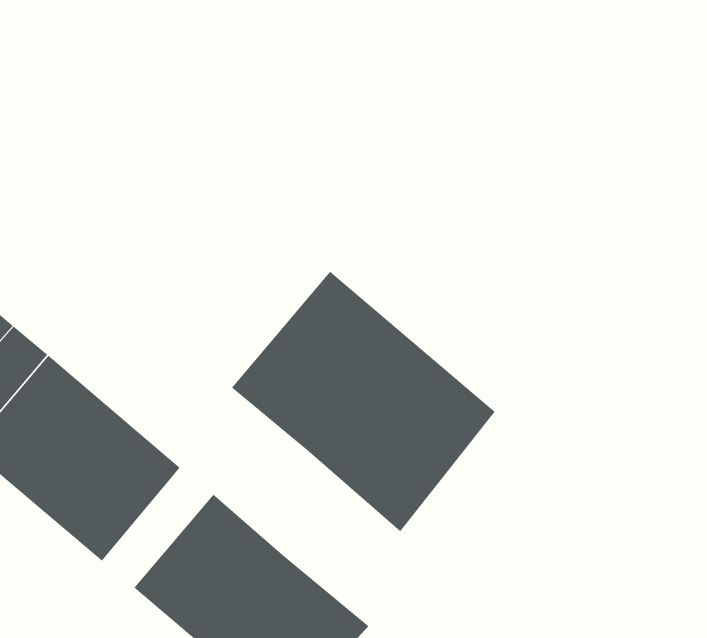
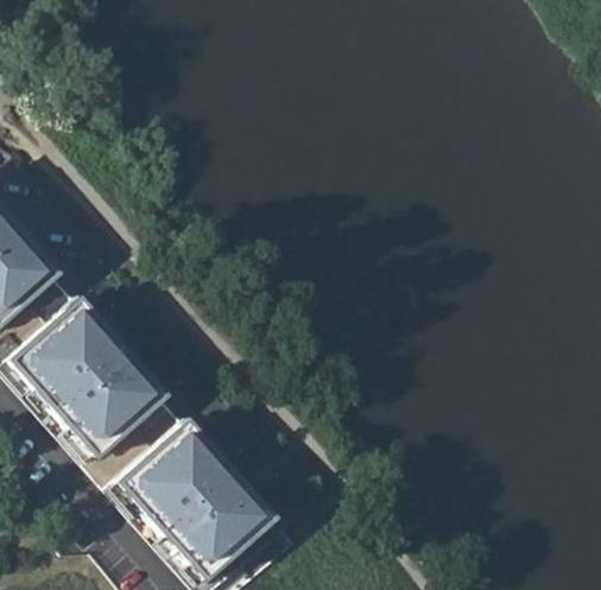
building: [231,271,496,532] -> none
building: none -> [84,387,173,470]

